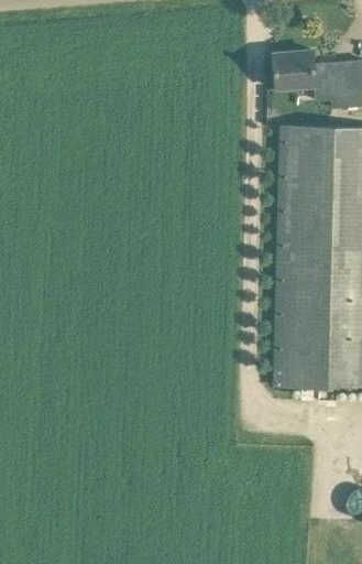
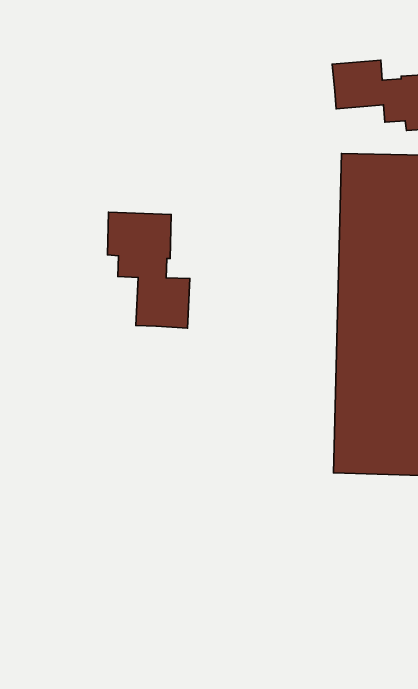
building: none -> [107,212,190,328]

